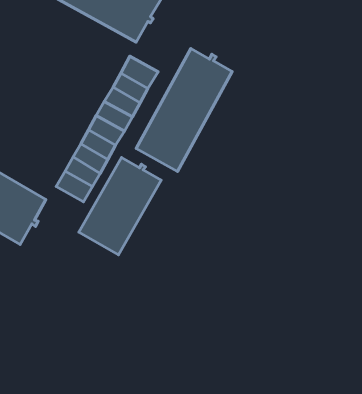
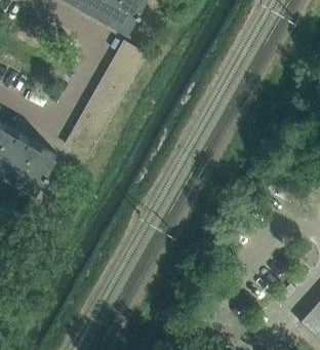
building: [136,49,232,171] -> none
building: [79,157,161,255] -> none

